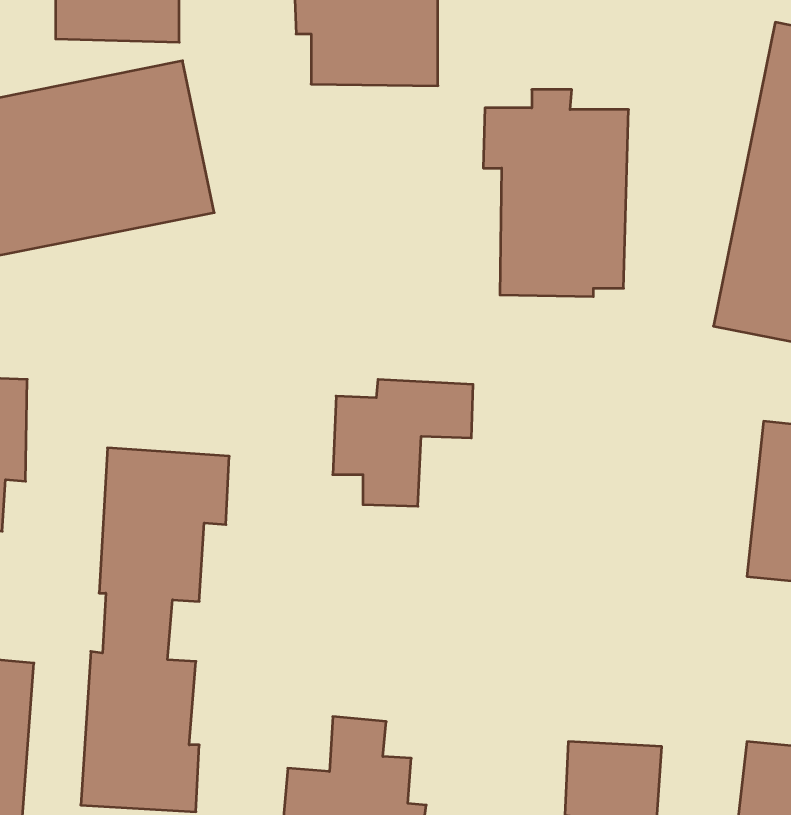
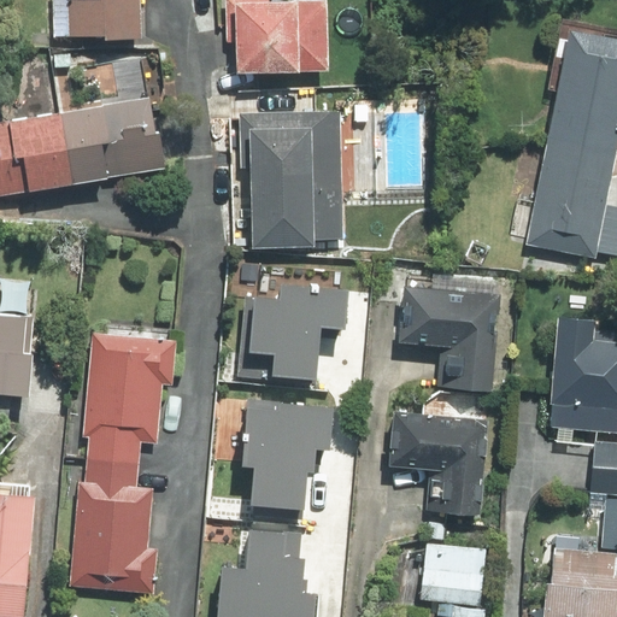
building: [483,90,629,297] -> [237,100,342,249]
building: none -> [395,287,501,394]
building: none -> [242,401,335,510]
building: none -> [388,411,488,517]

